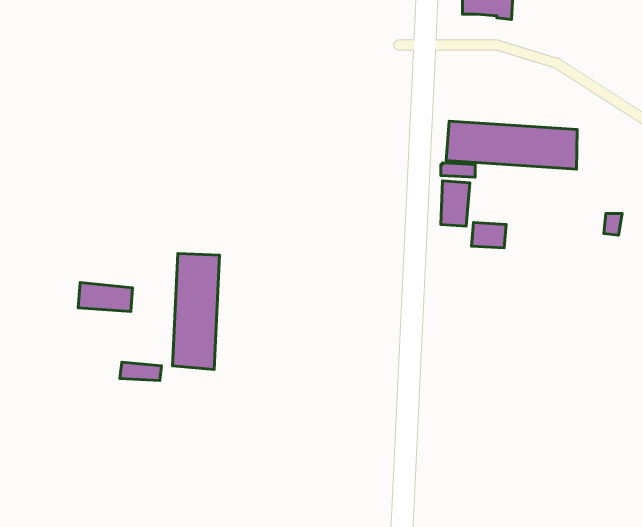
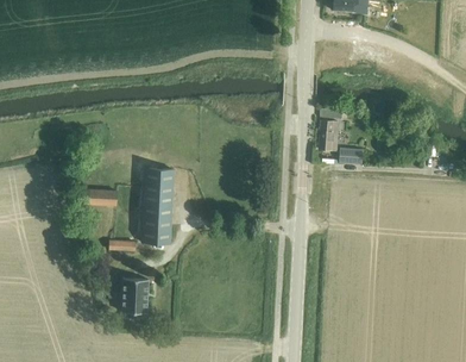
building: [446,121,577,169] -> none
building: none -> [121,279,147,318]

